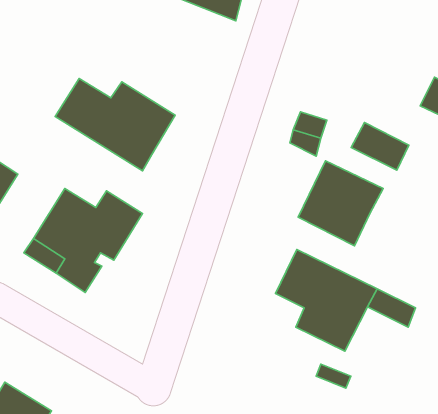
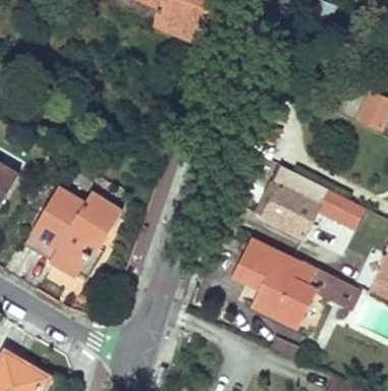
building: [55,78,175,171] -> none
building: [351,122,409,170] -> [316,186,365,227]

